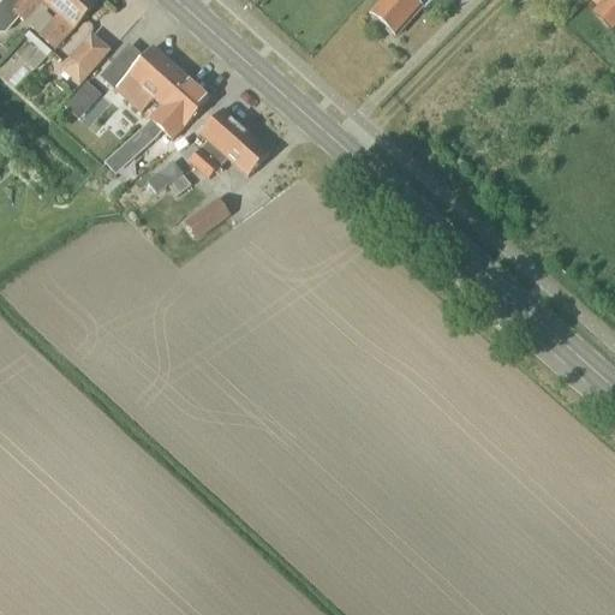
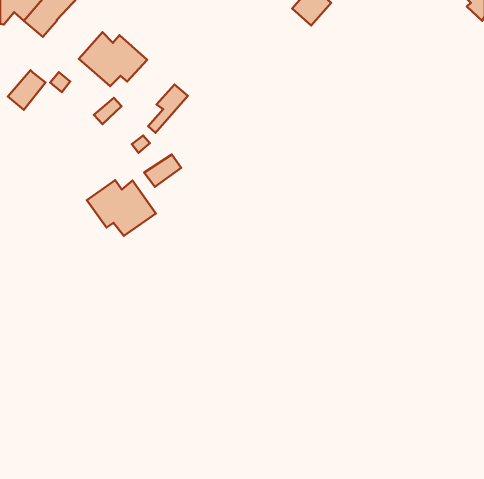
building: [61,31,109,82] -> [8,70,46,110]
building: [149,76,209,138] -> none
building: [198,121,270,177] -> none
building: none -> [87,180,156,236]

